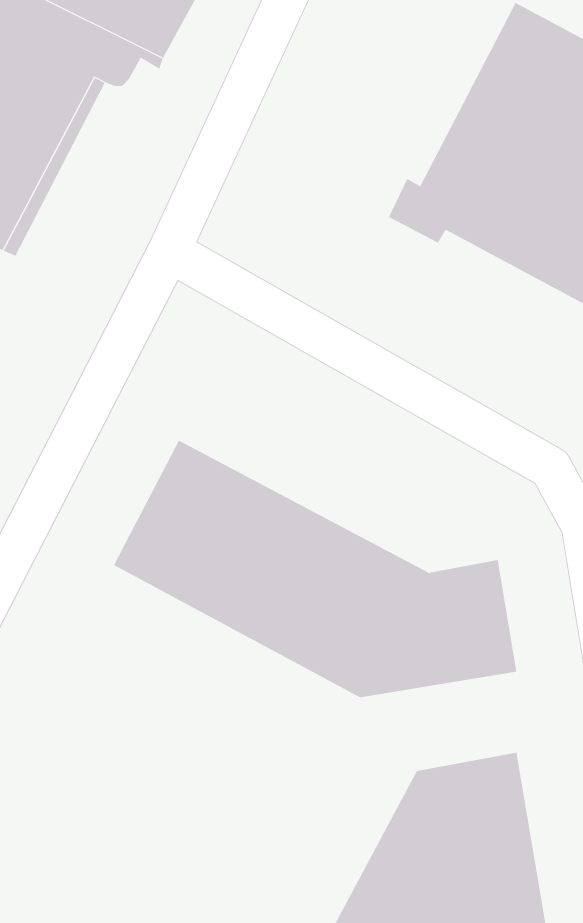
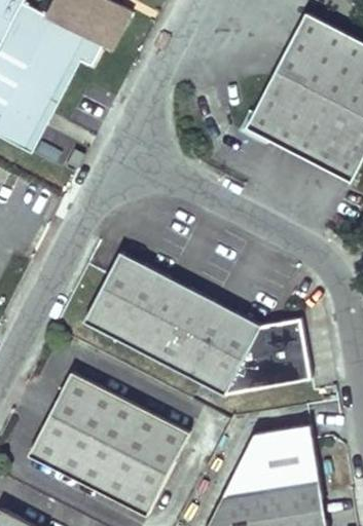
building: none -> [30,372,188,513]

